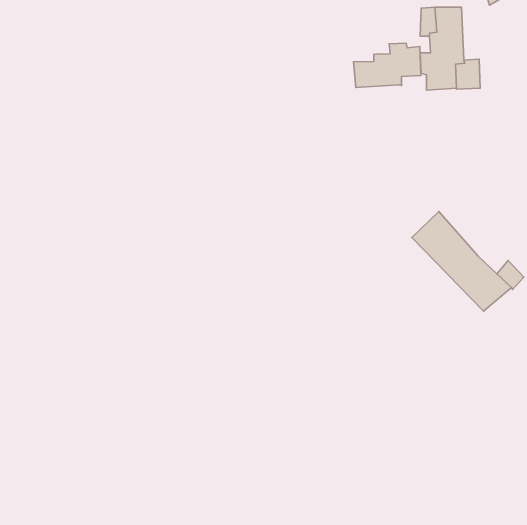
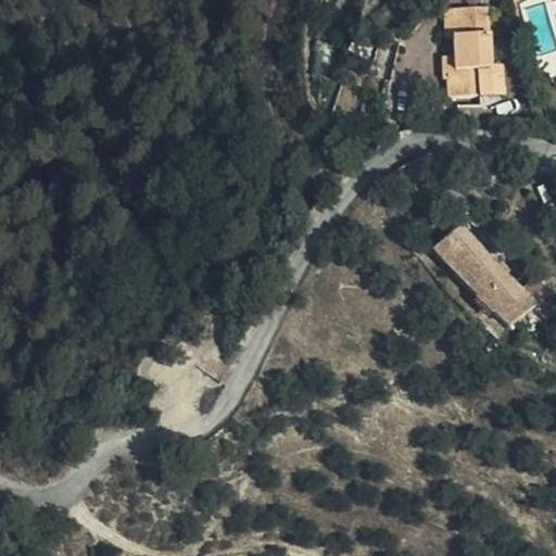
building: [353,43,421,87] -> none

